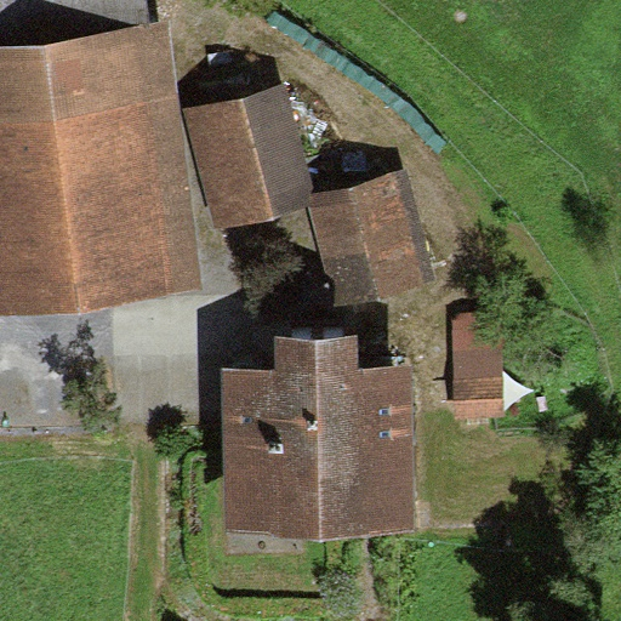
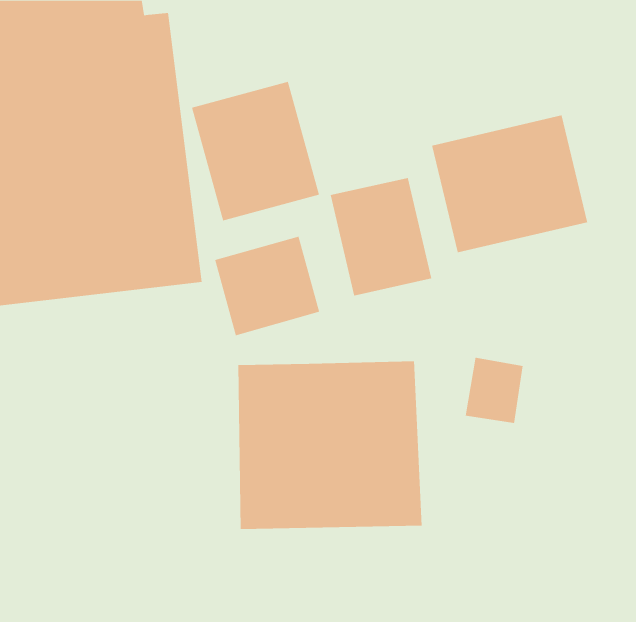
building: none -> [432,115,588,253]
building: none -> [215,236,320,336]

